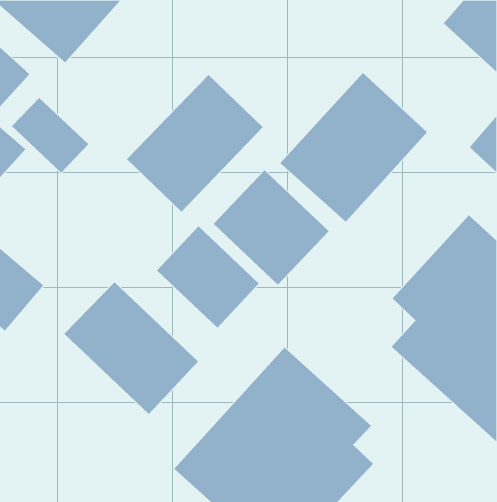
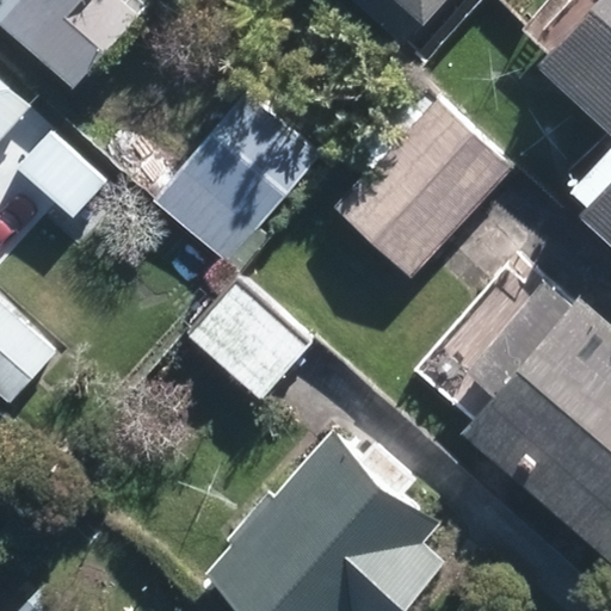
building: [213,169,329,286] -> none
building: [63,281,199,415] -> none

